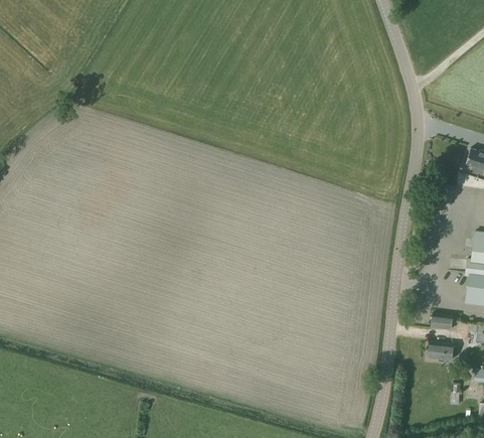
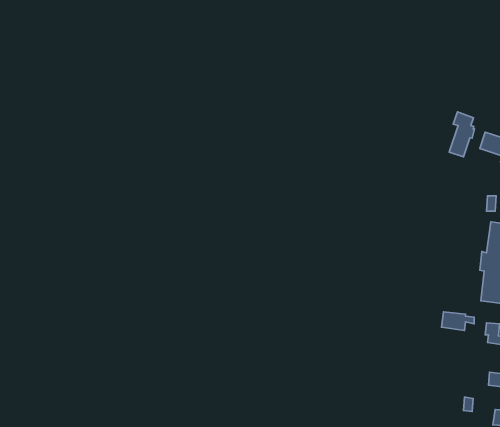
building: none -> [449,112,474,157]
building: [427,341,453,360] -> none

